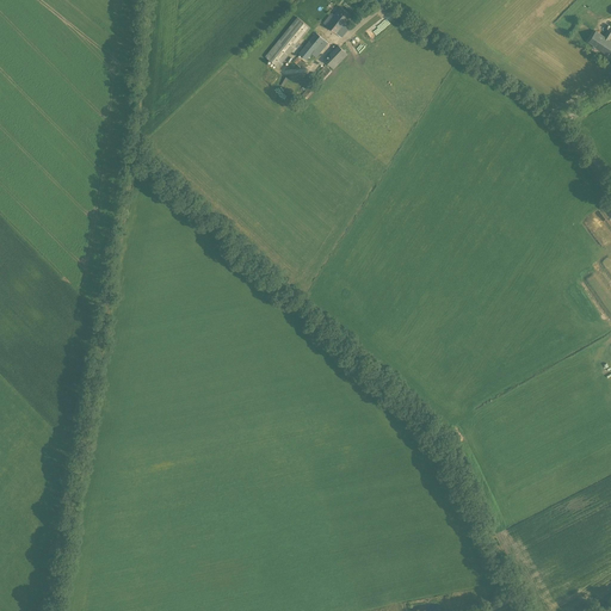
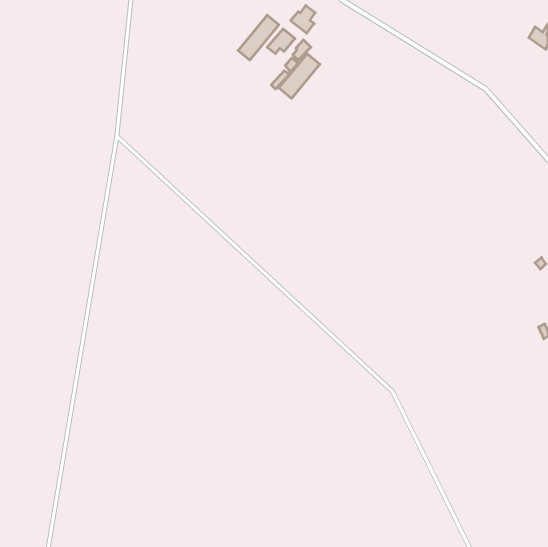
building: none -> [279,54,320,98]

